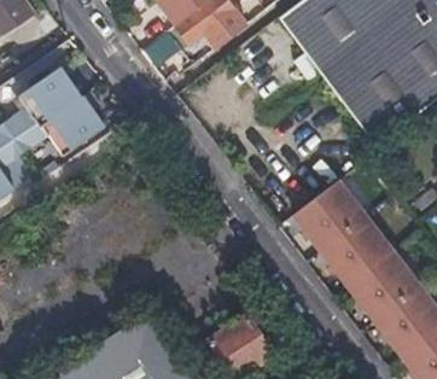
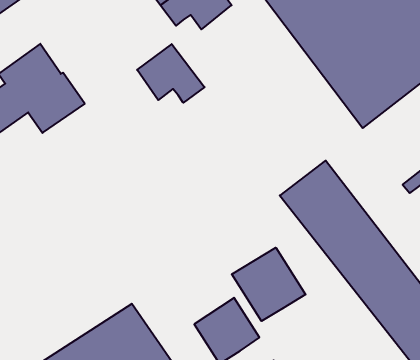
building: none -> [137,44,205,103]
building: none -> [232,248,306,321]

